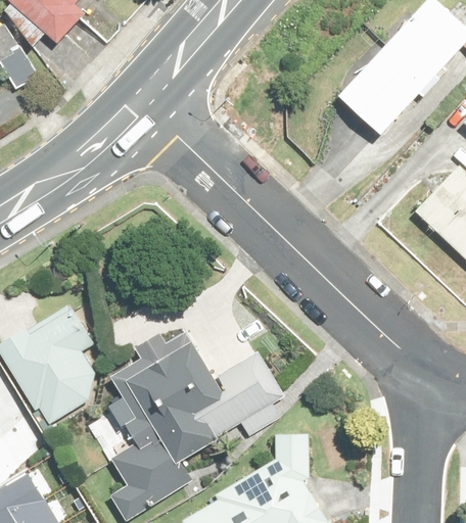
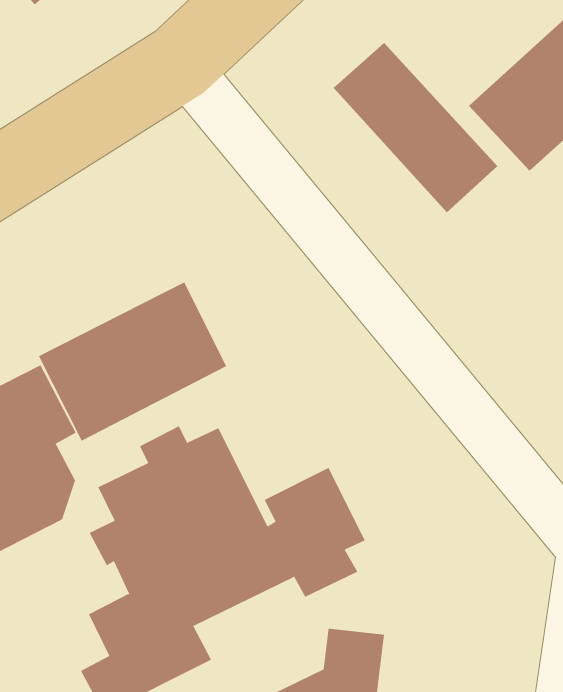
building: none -> [333,42,498,213]
building: none -> [38,281,227,441]

